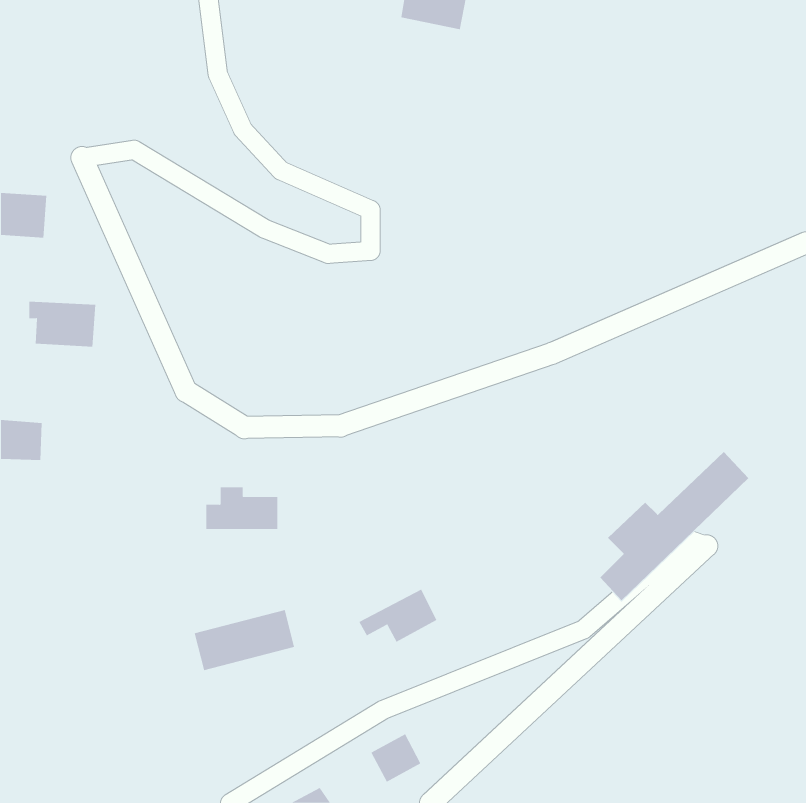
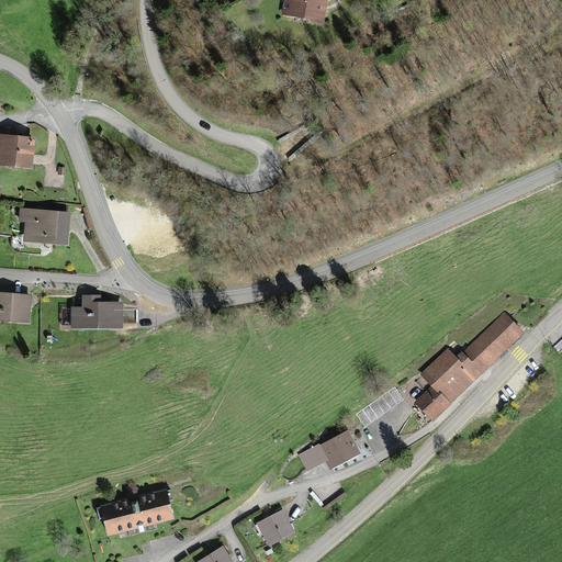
building: [206,487,278,530] -> [71,296,122,326]
building: [358,589,437,642] -> [304,430,359,468]
building: [194,609,295,671] -> [101,491,171,533]

